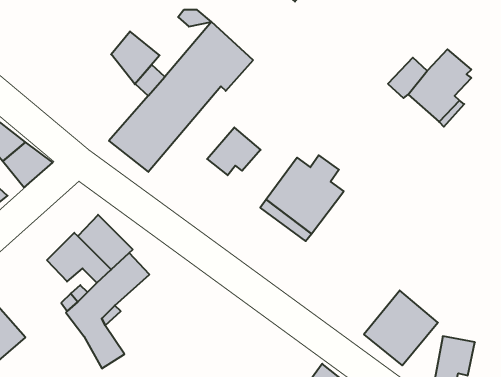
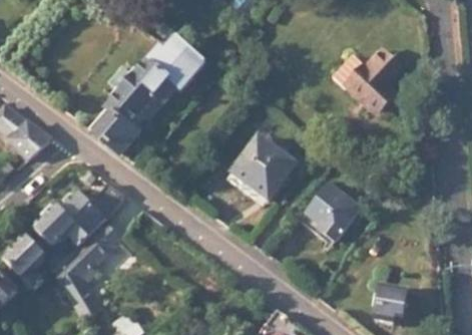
building: [111,31,160,84] -> none
building: [207,127,261,175] -> none
building: none -> [10,230,52,284]
building: [364,290,438,365] -> [299,182,361,245]

